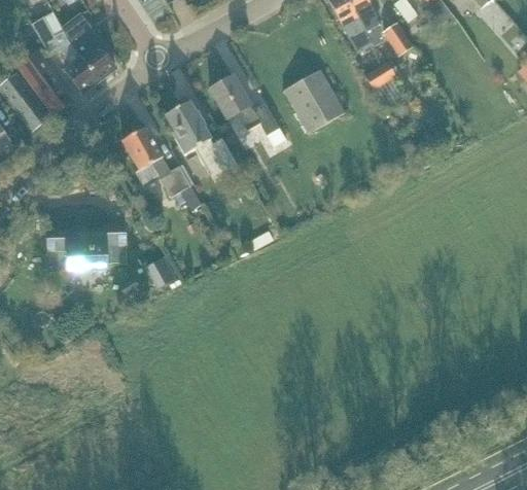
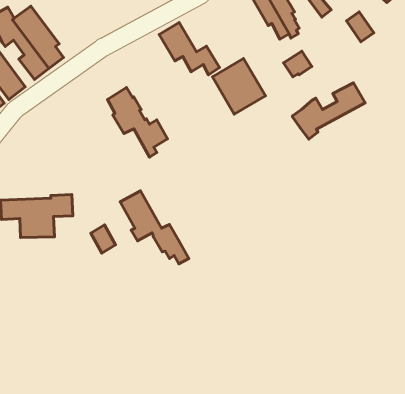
building: [382,22,413,56] -> [346,12,374,42]
building: [210,76,278,135] -> [159,23,219,75]
building: none -> [292,83,365,139]
building: [122,128,200,210] -> [120,191,189,264]

